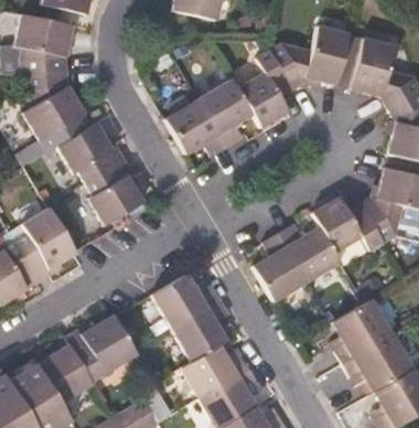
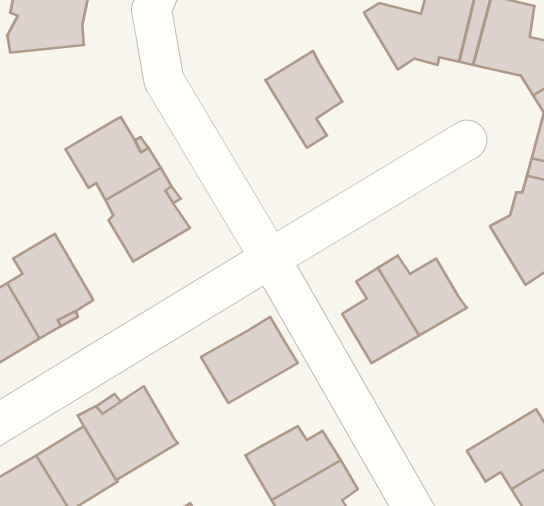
building: [237,49,293,126] -> none
building: [15,72,84,142] -> none
building: [164,97,228,156] -> none
building: [313,196,385,252] -> none
building: [331,299,393,363] -> none
building: [172,300,232,362] -> none

